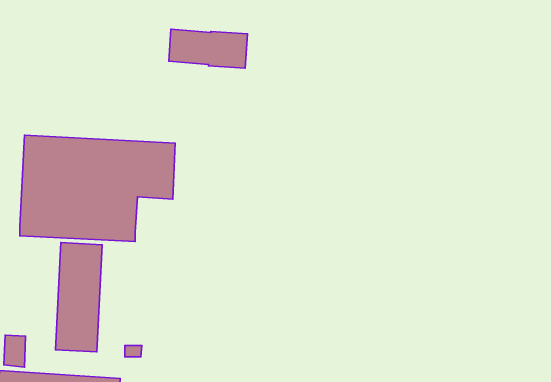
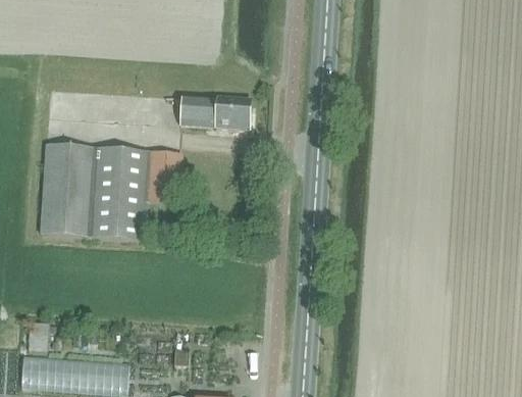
building: [169,29,247,68] -> [179,94,250,129]
building: [55,243,102,352] -> none

